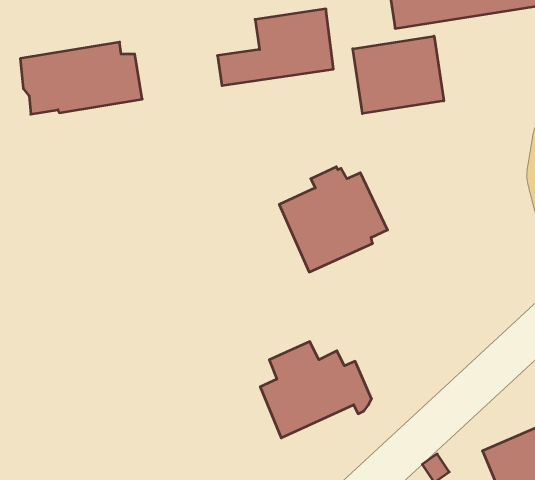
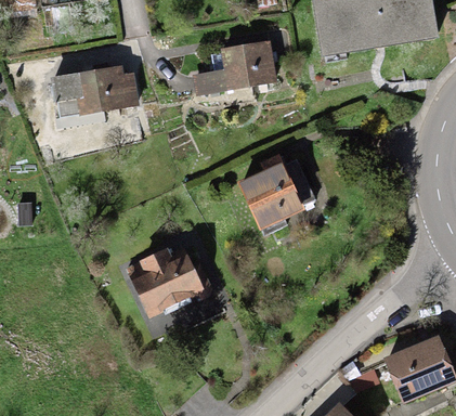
building: [353,36,444,114] -> none
building: [260,342,372,438] -> [132,248,212,317]

